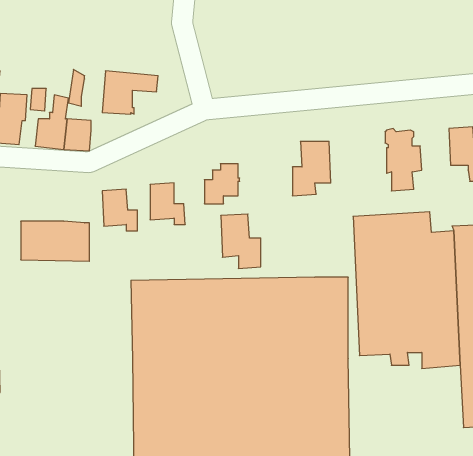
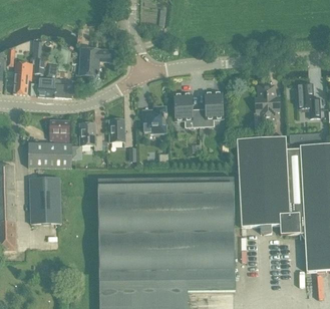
building: none -> [49,120,69,143]
building: [221,214,261,268] -> [174,93,199,127]
building: none -> [29,178,61,223]

